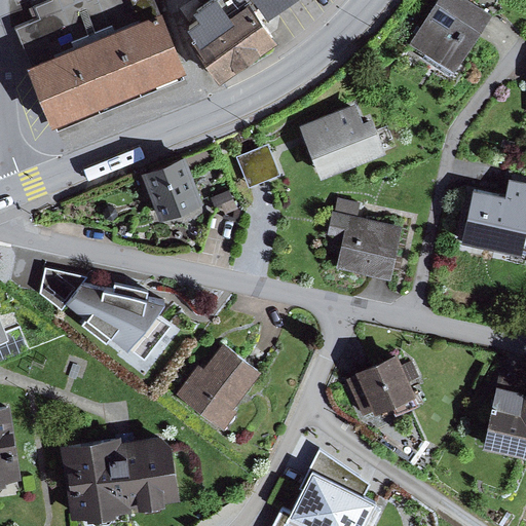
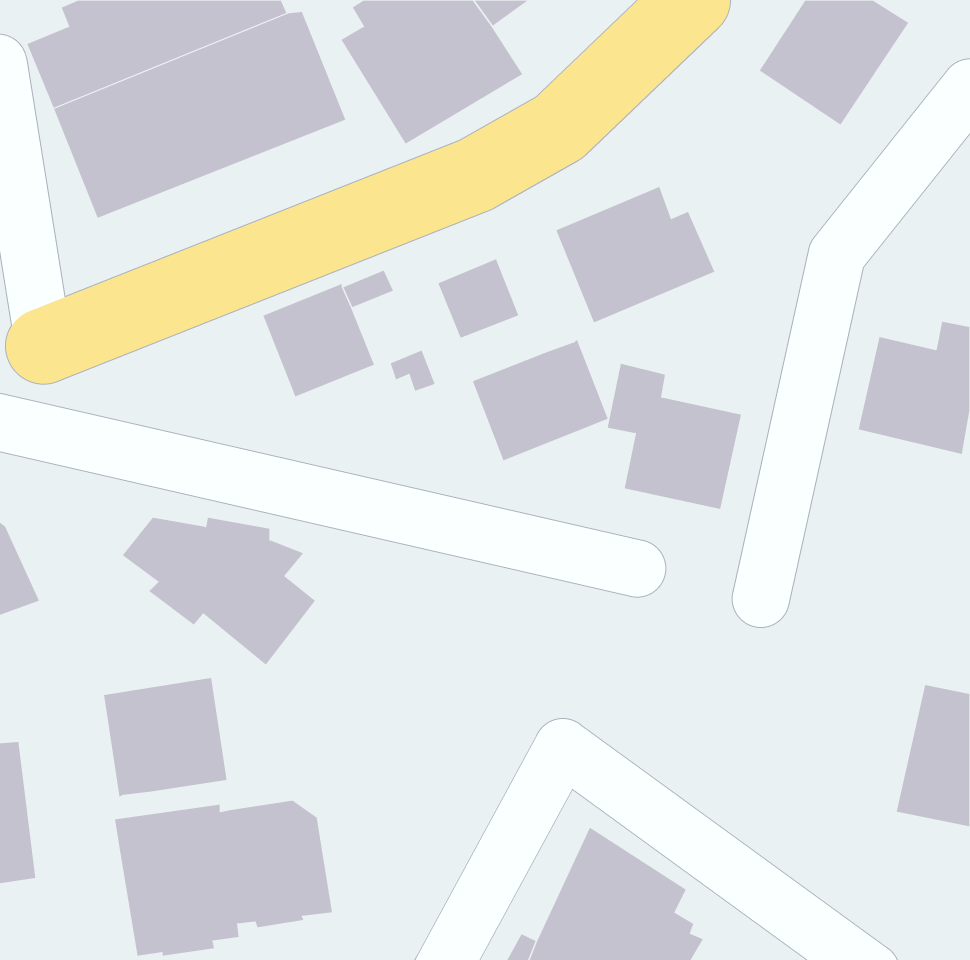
building: none -> [472,339,608,461]
building: [39,271,87,314] -> none
building: [176,344,260,430] -> none
building: [345,354,421,422] -> none
building: none -> [103,677,227,798]

